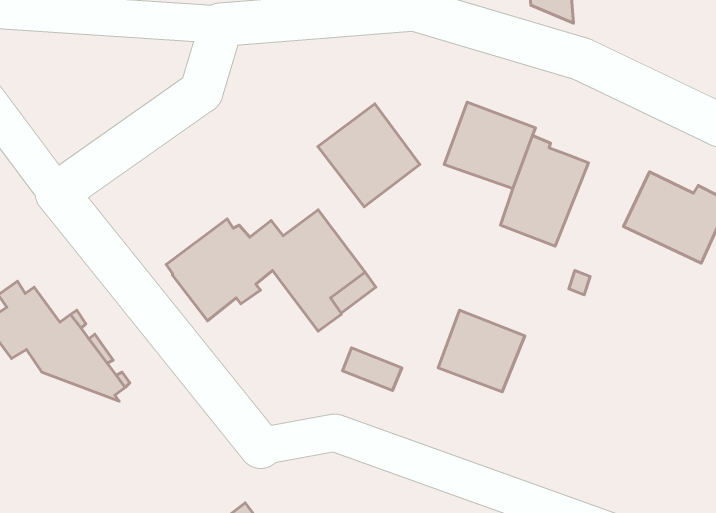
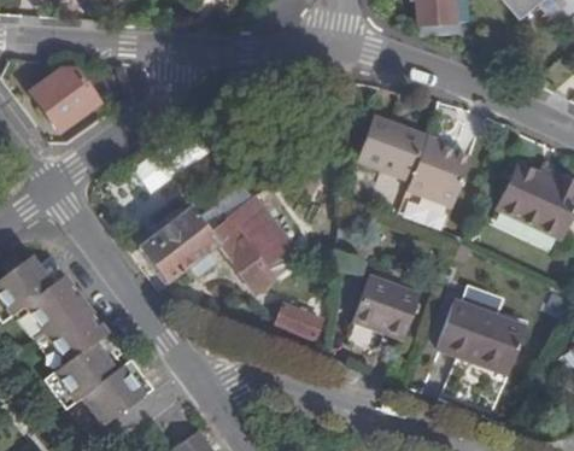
building: none -> [28,70,96,131]
building: [318,104,420,207] -> none
building: none -> [438,304,527,374]
building: none -> [36,327,144,427]

